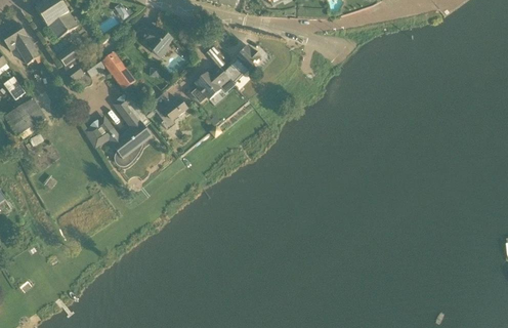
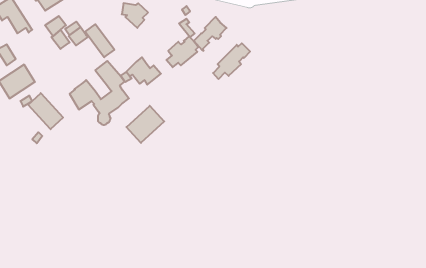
building: none -> [213,43,250,79]
building: none -> [28,93,63,129]
building: none -> [126,106,164,143]

